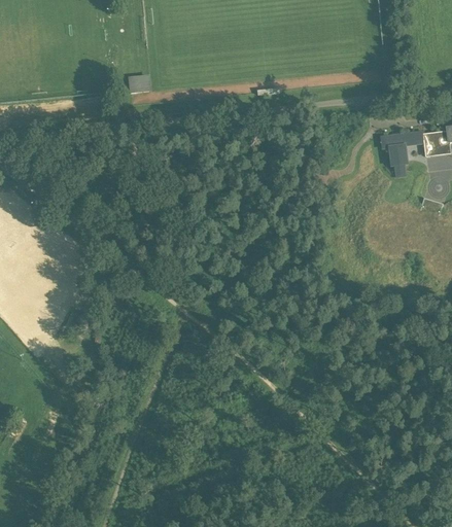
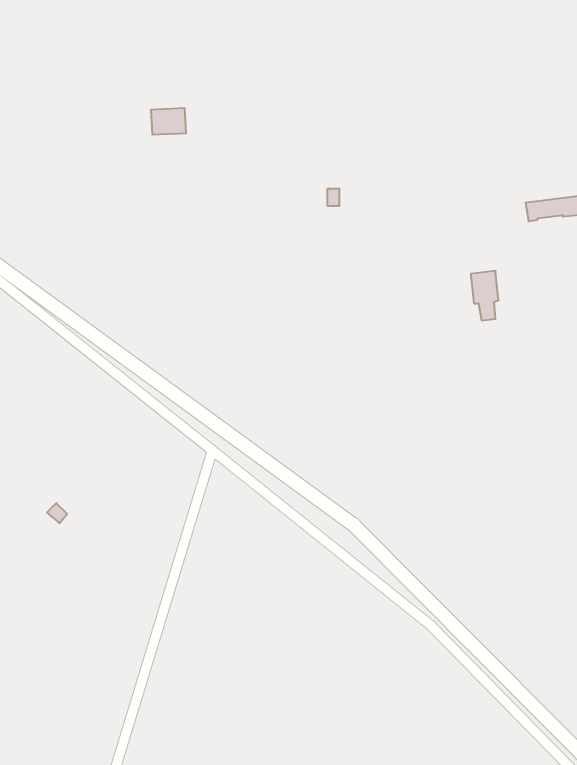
building: [388,143,407,176] -> [471,271,499,320]

